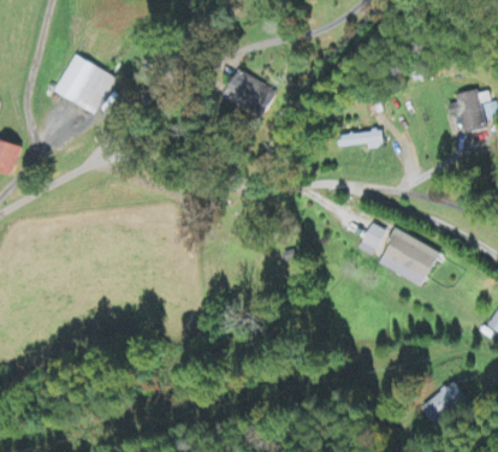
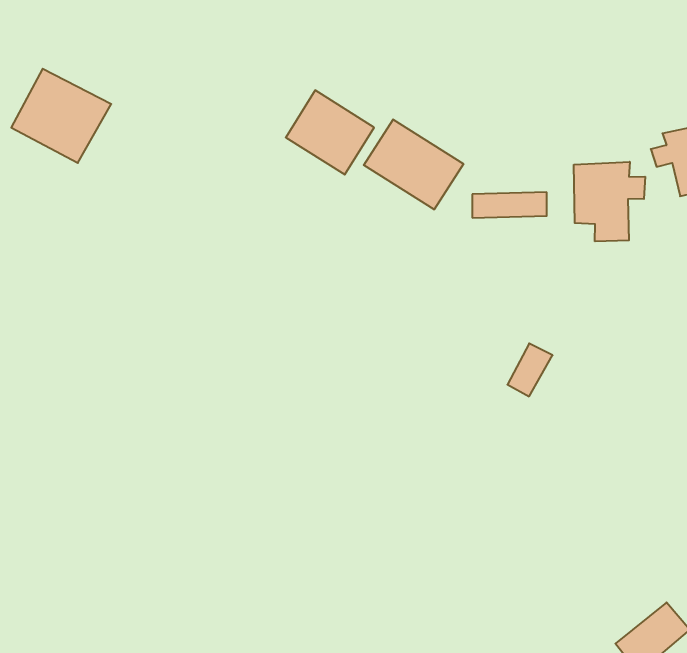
building: none -> [364,119,463,210]
building: none -> [574,162,645,241]
building: [379,231,439,285] -> none

